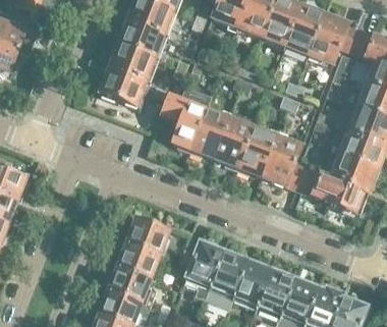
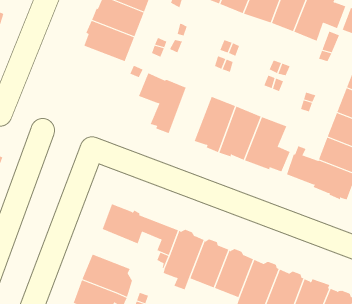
building: [100,67,149,107] -> none
building: [190,107,230,158] -> none
building: [117,241,169,279] -> none

